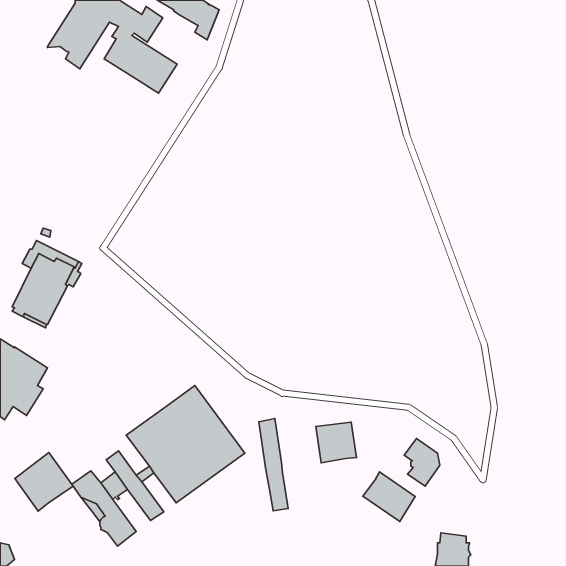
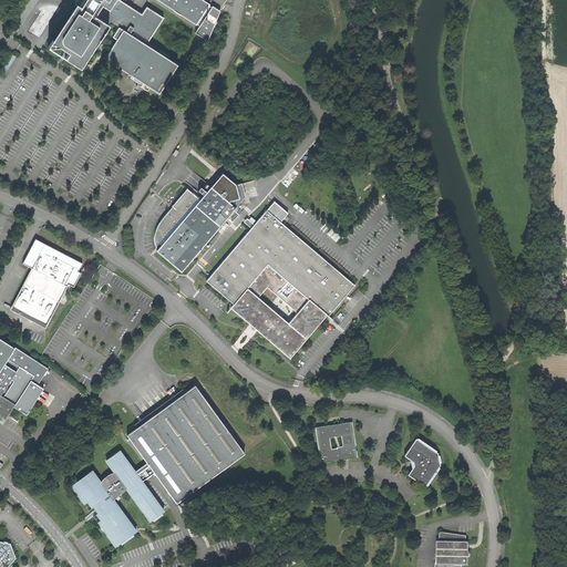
building: none -> [154,174,246,271]
building: none -> [206,202,354,358]
building: [259,418,288,511] -> none
building: [15,453,73,511] -> none
building: [363,472,415,521] -> none

